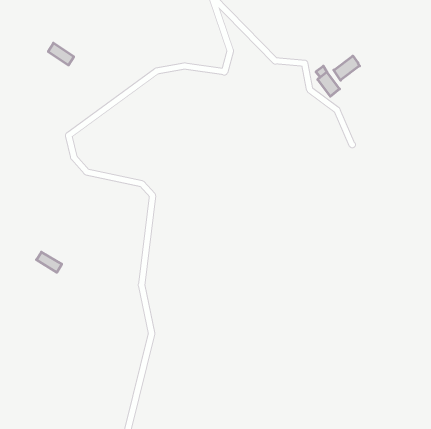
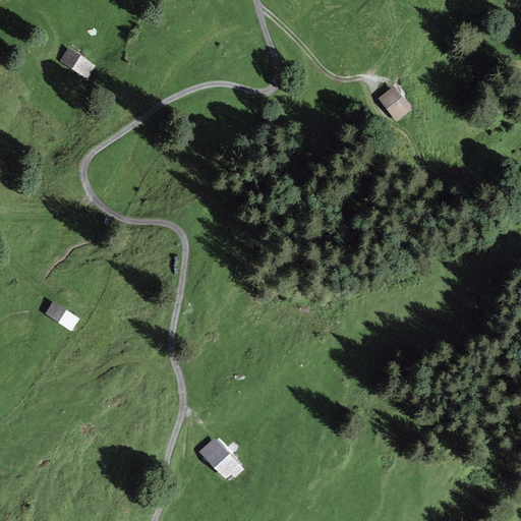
building: [334,56,360,80] -> none
building: none -> [200,440,239,473]

